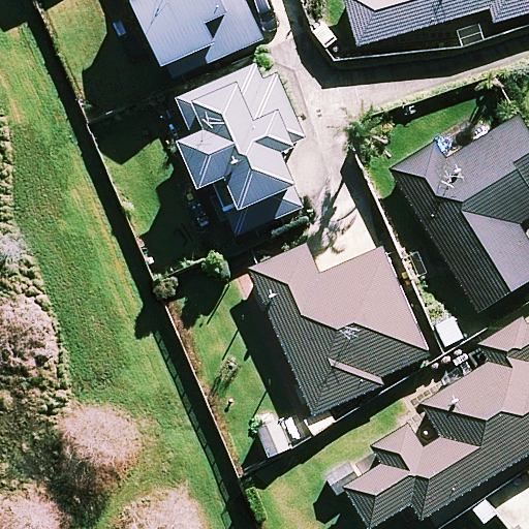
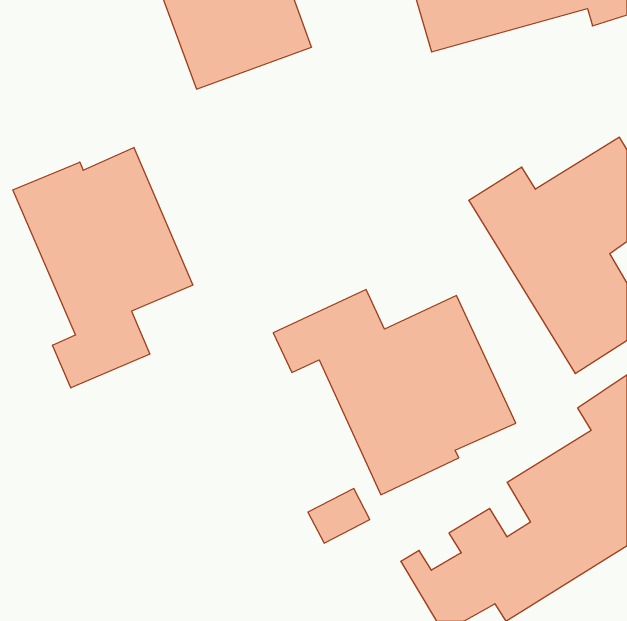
building: [175,60,304,215] -> none
building: none -> [13,147,193,388]

